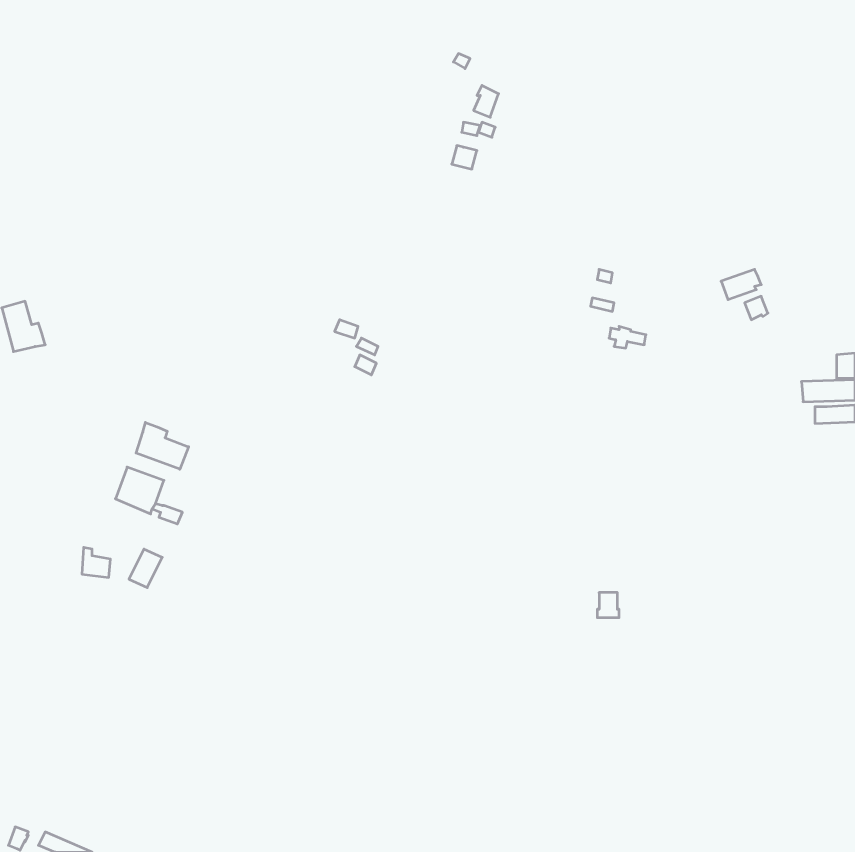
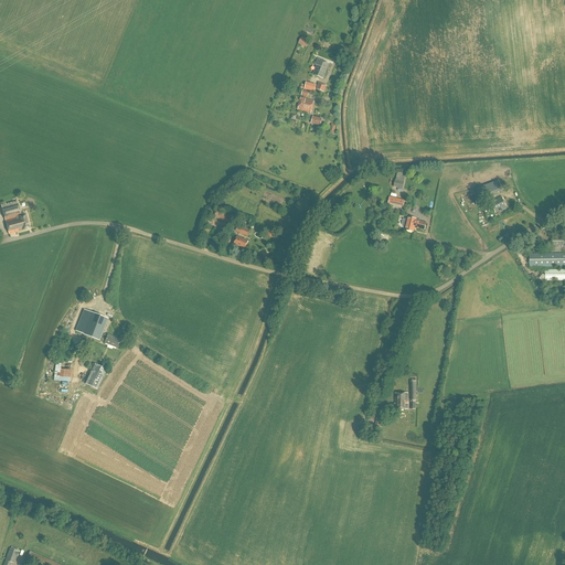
building: [136,422,189,469] -> none

